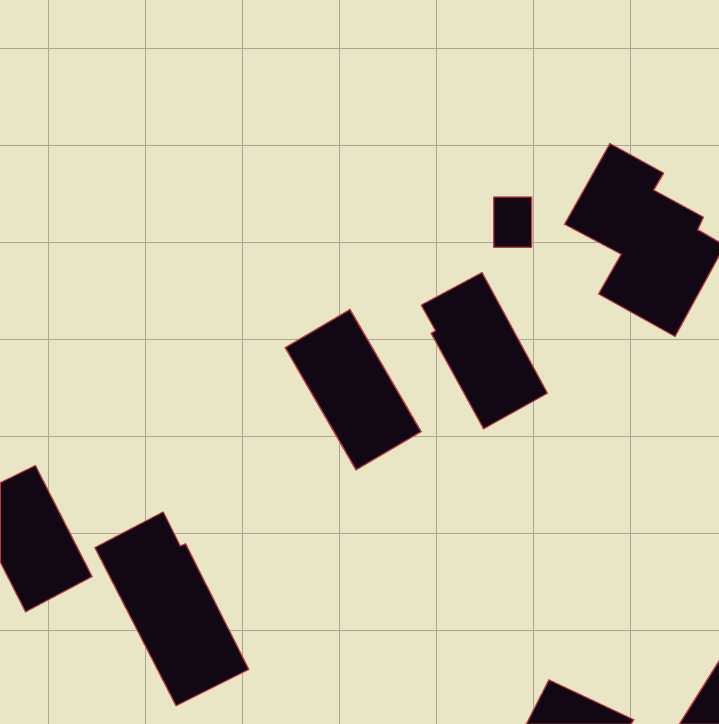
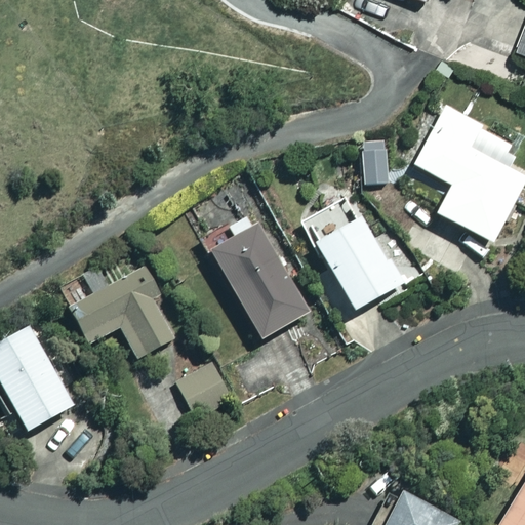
building: none -> [71,258,177,357]
building: none -> [178,362,235,418]
building: [95,512,249,706] -> none

